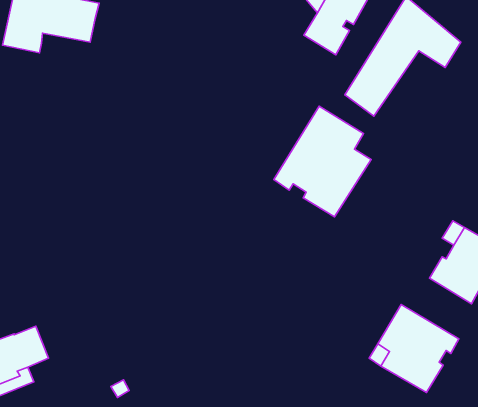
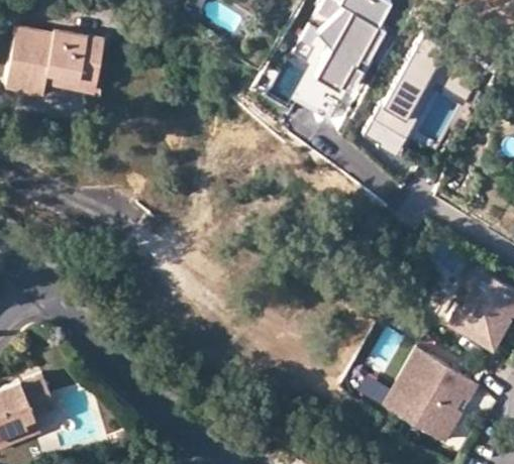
building: none -> [45,56,109,93]
building: [274,106,371,217] -> none

